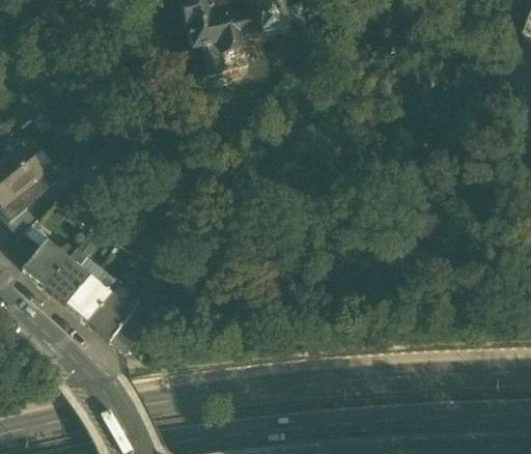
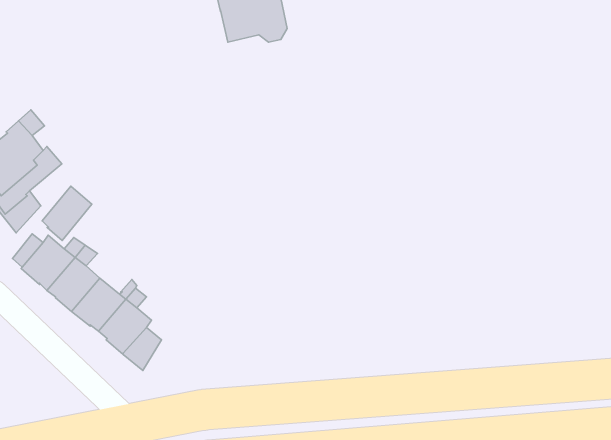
building: none -> [42,186,92,241]

